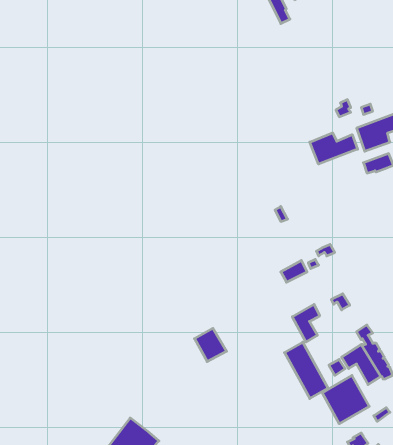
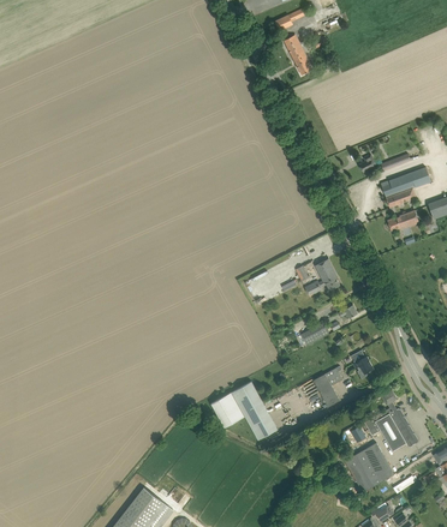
building: [310,133,358,164] -> none
building: none -> [305,258,340,297]
building: [284,342,328,399] -> [232,381,278,439]

